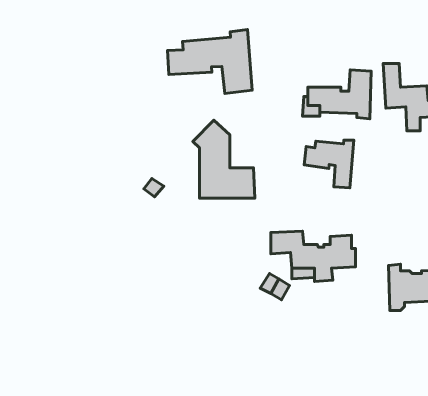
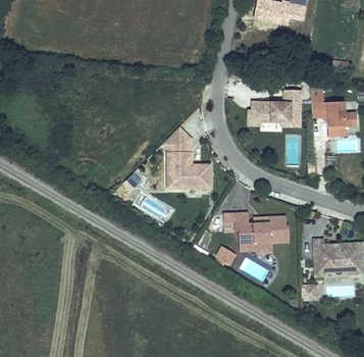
building: [168,29,252,93] -> none
building: [304,140,354,188] -> none

